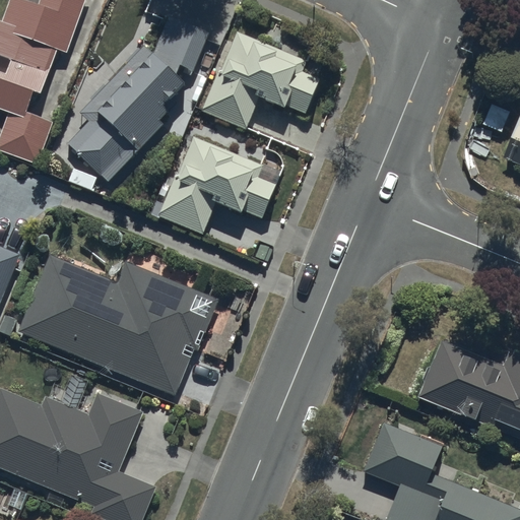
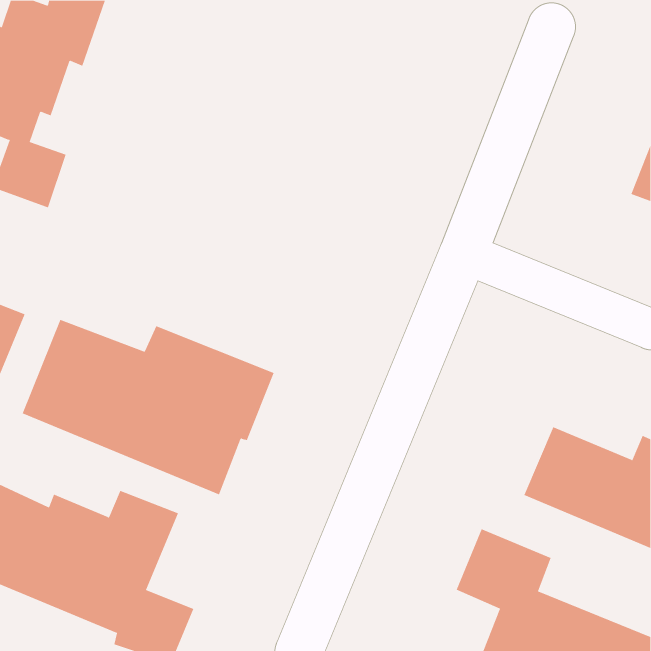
building: [66,18,205,182] -> none
building: [201,30,318,129] -> none
building: [157,134,275,233] -> none

